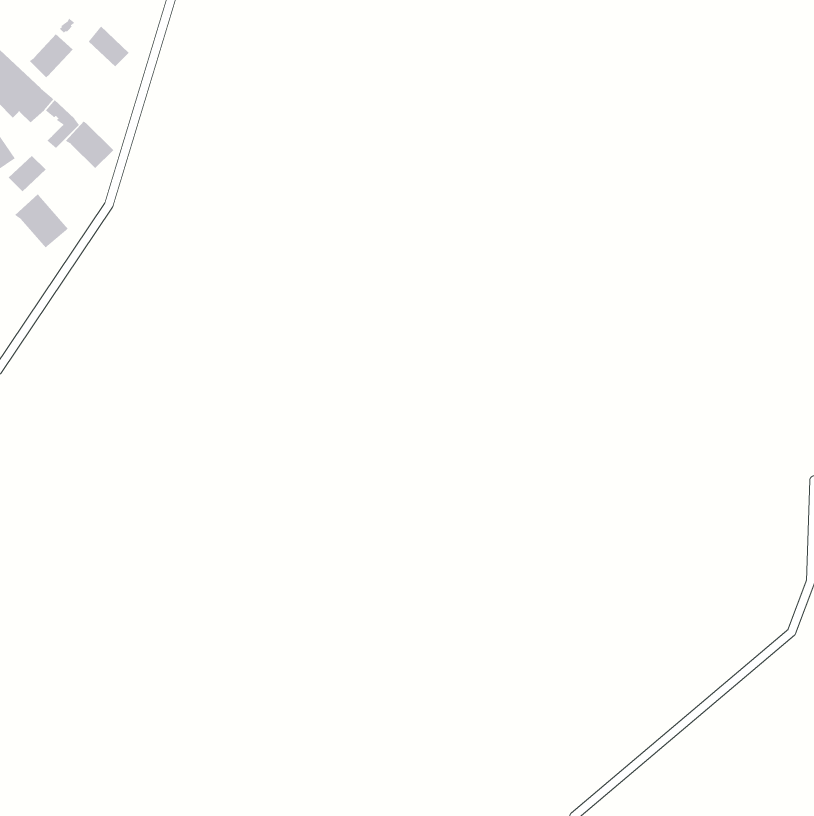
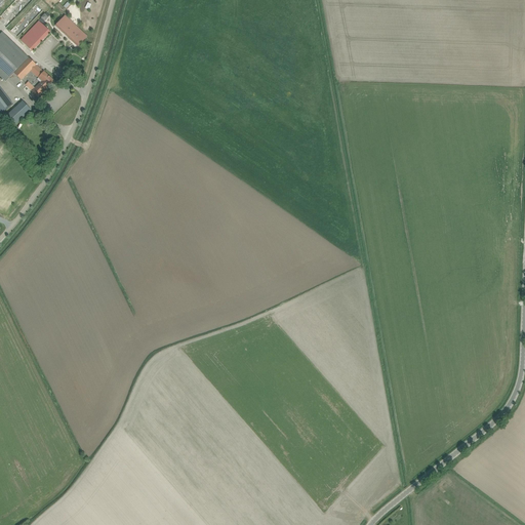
building: [65,120,114,169] -> none
building: [14,193,69,249] -> none

